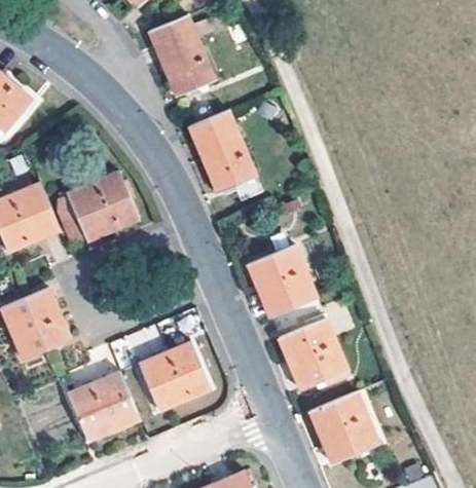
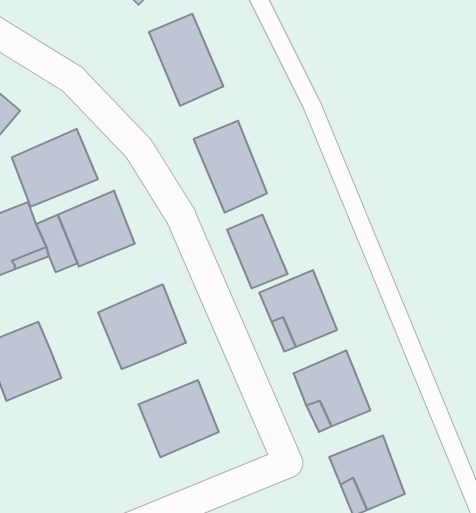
building: none -> [12,129,98,207]
building: none -> [227,215,288,288]
building: none -> [98,284,186,369]
building: [69,372,140,441] -> none

